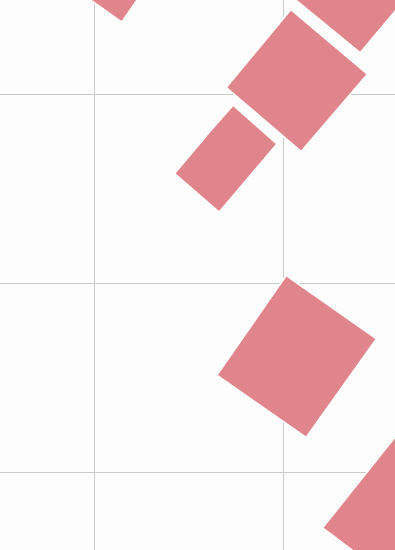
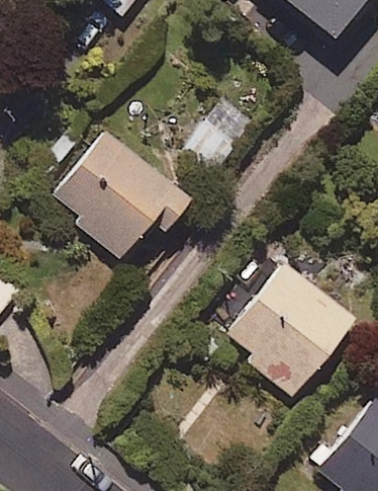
building: [226,10,367,151] -> none
building: none -> [48,131,193,262]

